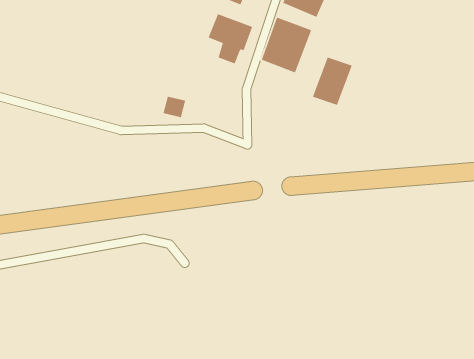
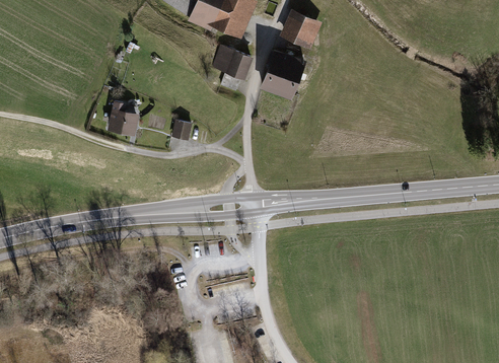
building: [312,56,353,106] -> none
building: none -> [106,100,139,136]

